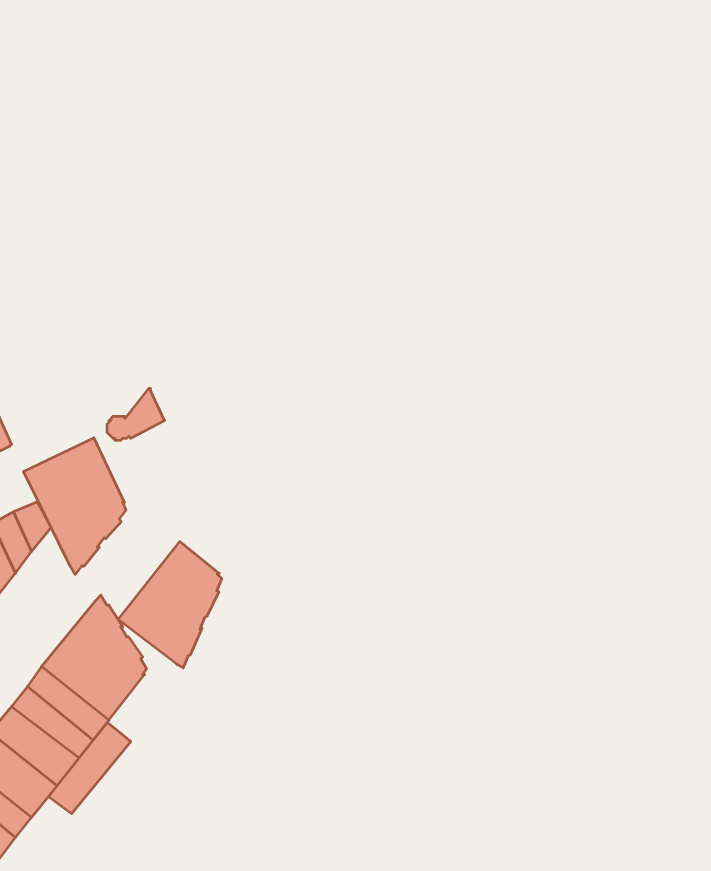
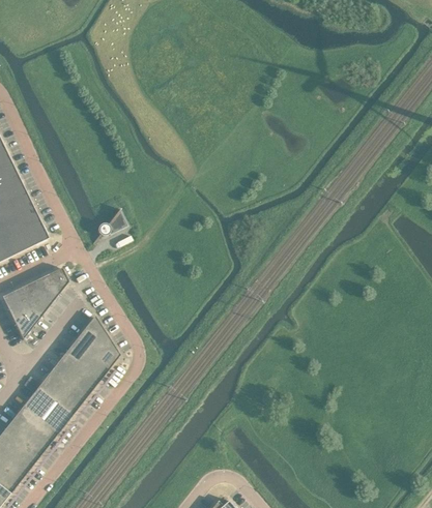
building: [24,438,126,574] -> none
building: [118,542,222,668] -> none
building: [49,723,131,814] -> none

